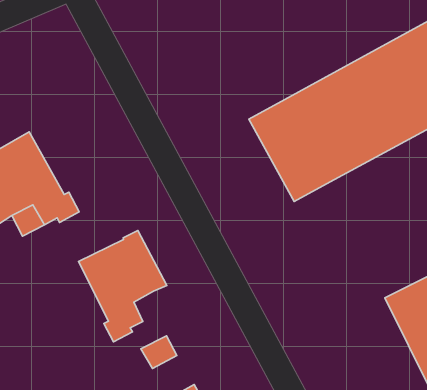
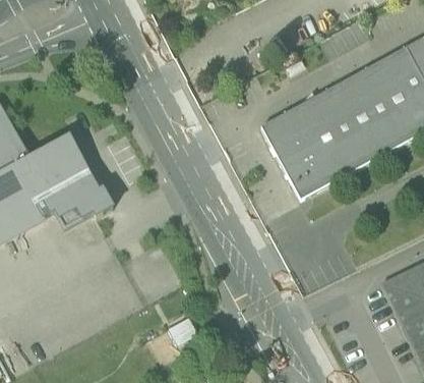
building: [79,230,167,342] -> none

